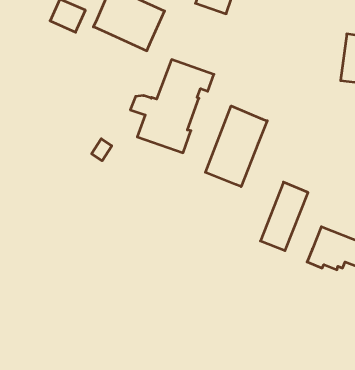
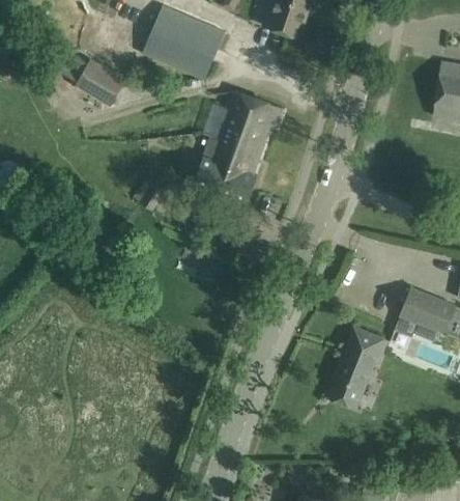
building: none -> [75,57,126,105]
building: [205,106,267,187] -> none
building: [260,182,308,251] -> [328,326,384,407]

